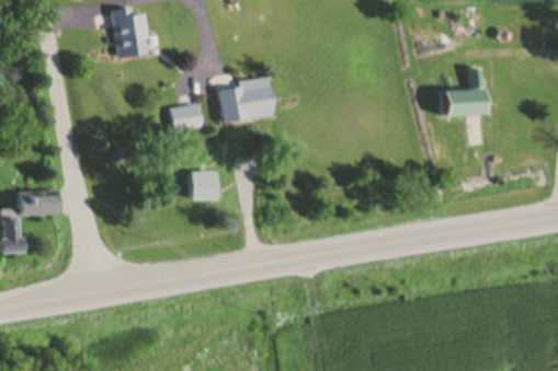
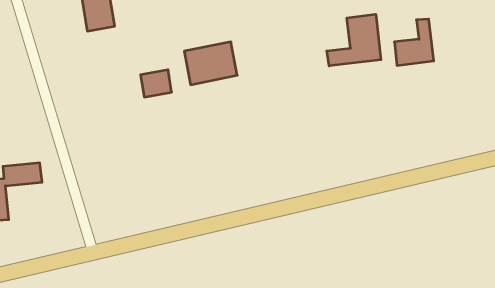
building: none -> [327,14,381,66]
building: [191,172,216,199] -> none

